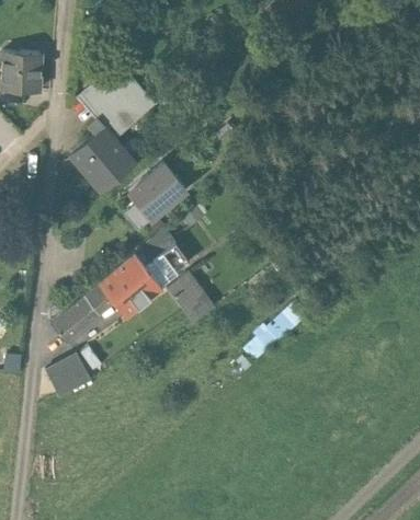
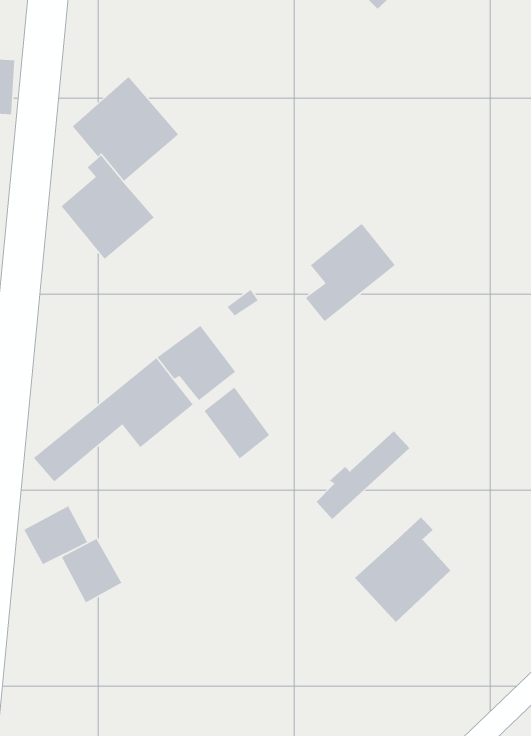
building: [124,162,185,229] -> [305,223,396,322]
building: none -> [354,516,451,623]
building: none -> [61,538,122,603]

